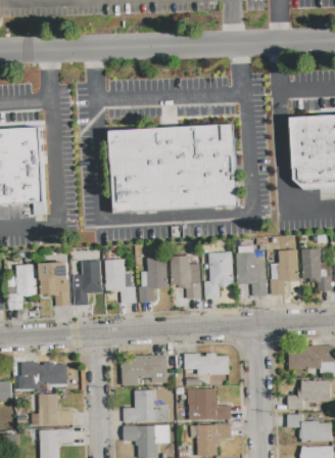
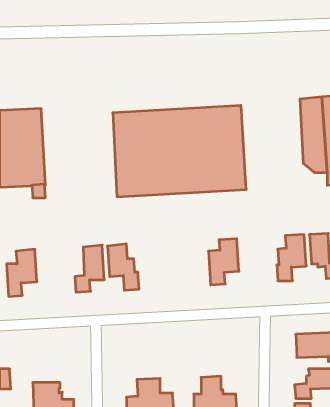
building: [236,253,267,296] -> none
building: [171,256,201,299] -> none
building: [139,257,167,303] -> none
building: [39,262,69,306] -> none
building: [185,353,229,375] -> none
building: [123,355,167,385] -> none
building: [14,362,67,390] -> none

